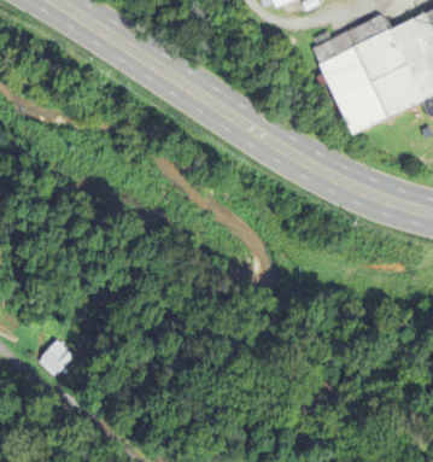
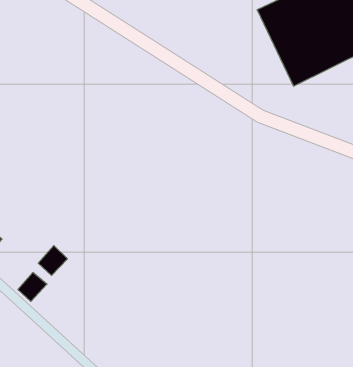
building: none -> [38,246,67,275]

